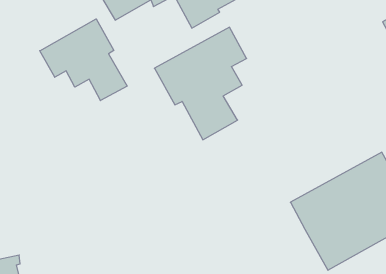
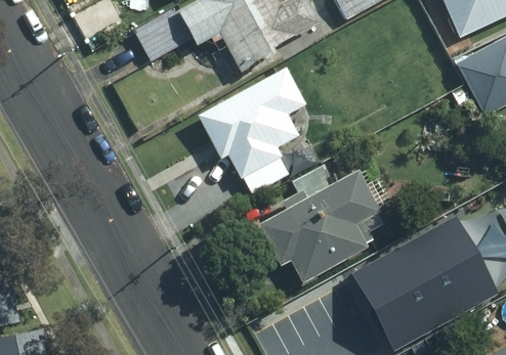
building: [40,19,127,101] -> none
building: none -> [259,164,383,280]

